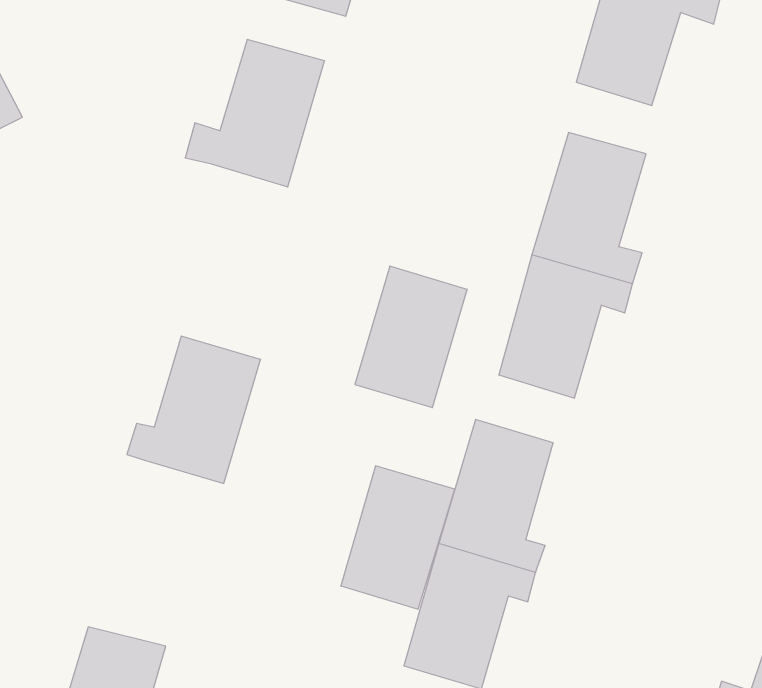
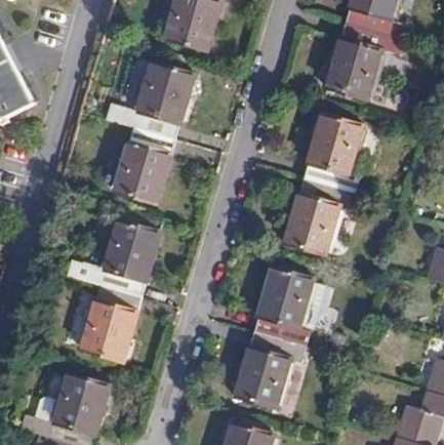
building: [355,266,467,408] -> [115,129,174,204]
building: [341,466,455,609] -> [80,286,140,362]

